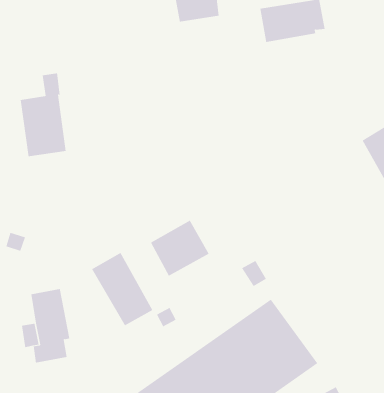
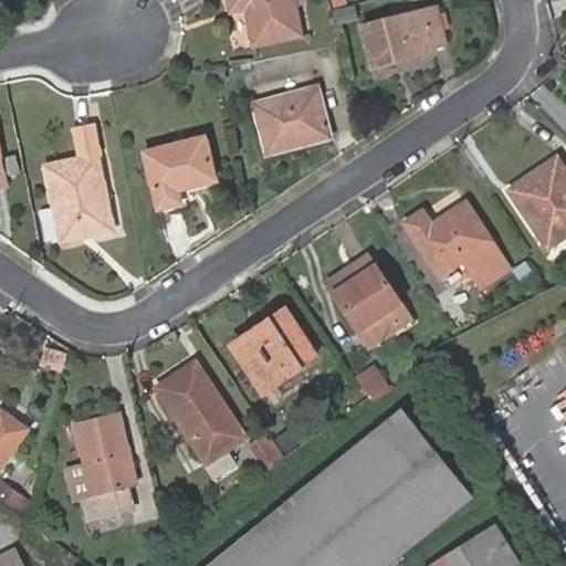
building: none -> [252,82,335,154]
building: none -> [140,130,222,212]
building: none -> [401,196,514,289]
building: none -> [331,261,416,349]

